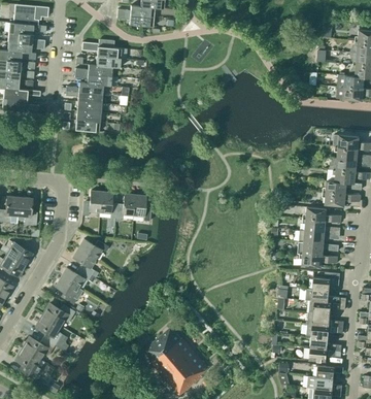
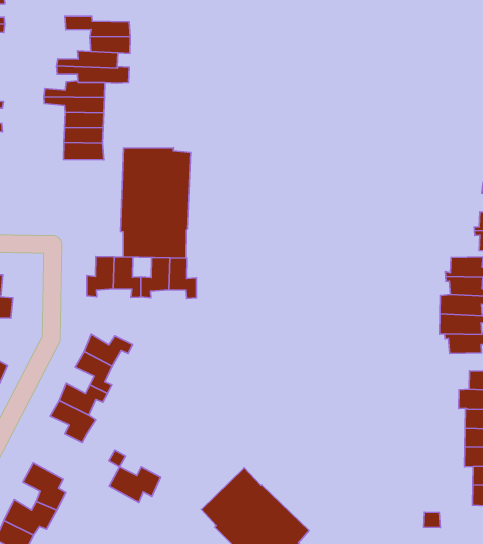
building: none -> [121,148,191,258]
building: [42,303,74,326] -> [109,467,161,502]

